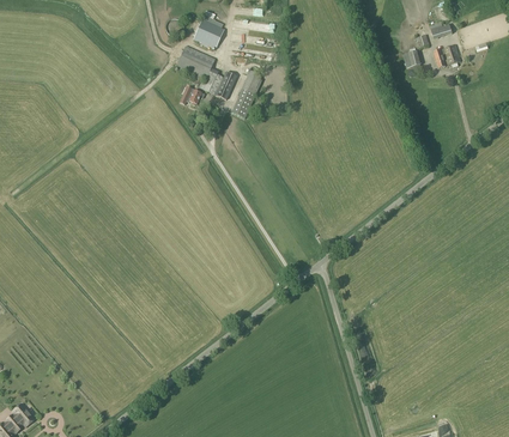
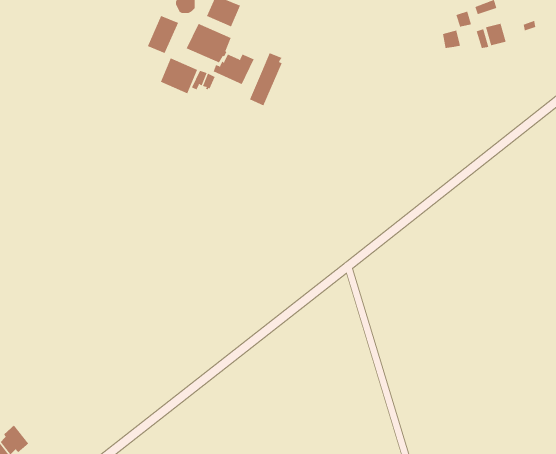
building: none -> [147,15,179,54]
building: none -> [160,58,198,94]

